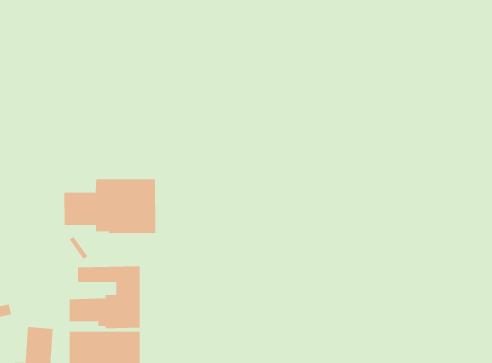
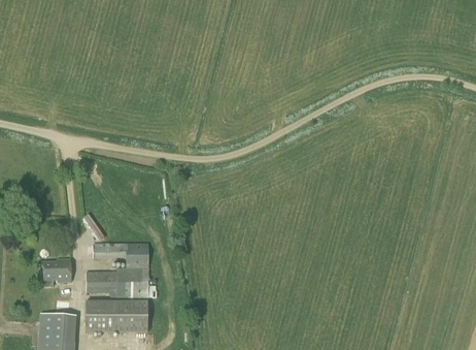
building: [64,178,156,234] -> none
building: none -> [43,259,72,287]

